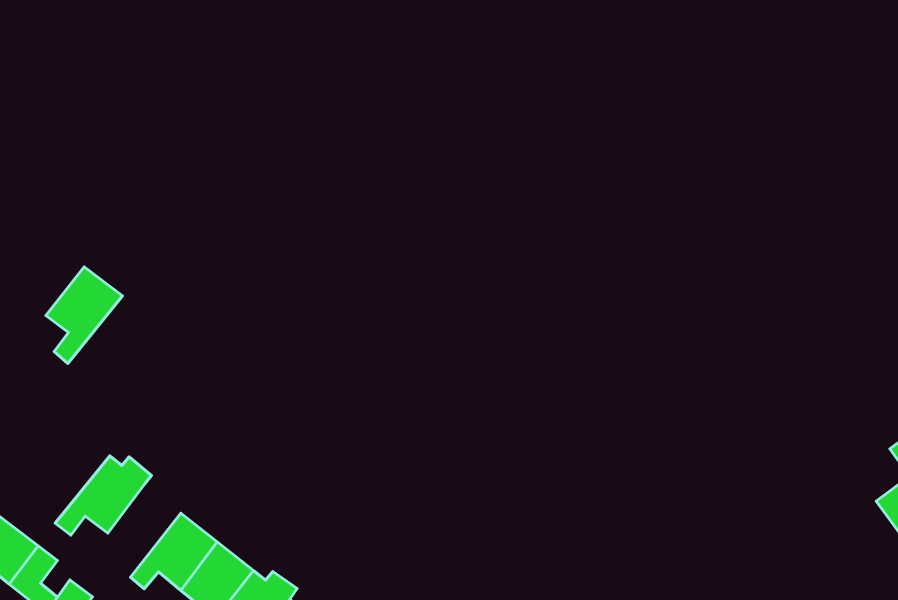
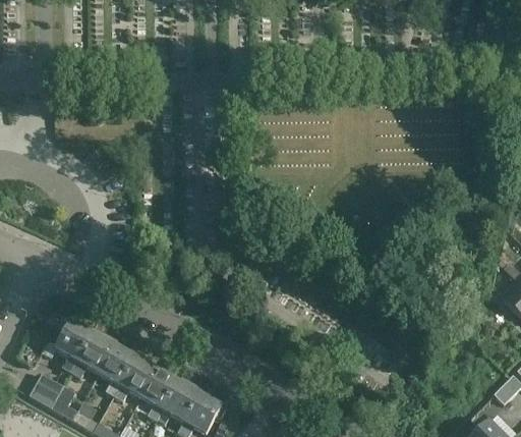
building: [46,267,123,363] -> [56,321,95,373]
building: none -> [100,345,136,397]

